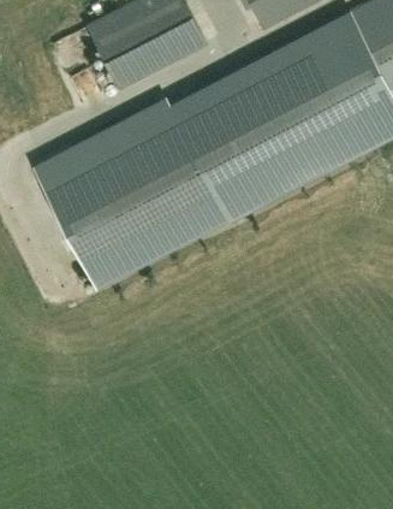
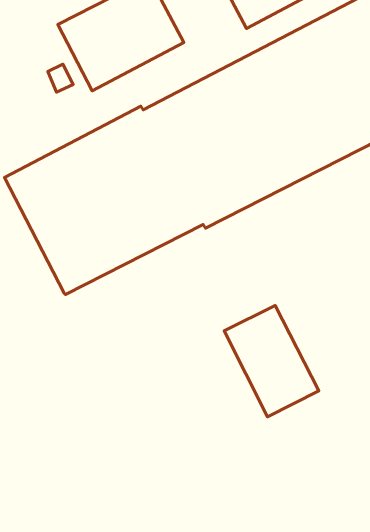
building: none -> [224,306,319,417]

